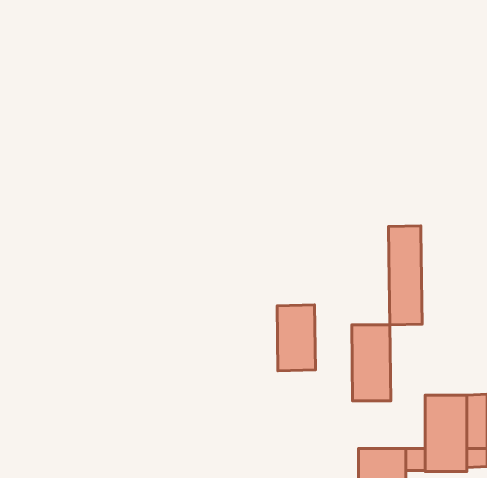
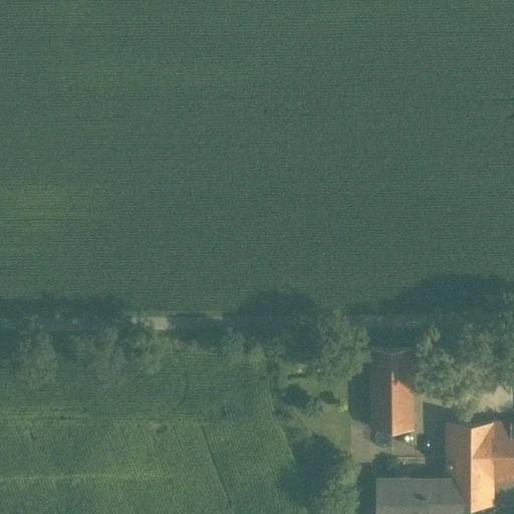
building: [389,226,422,325] -> none
building: [277,305,315,371] -> none

